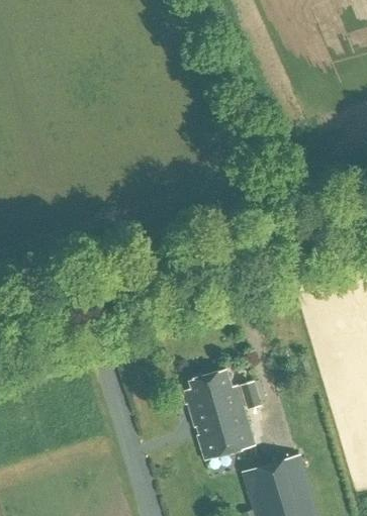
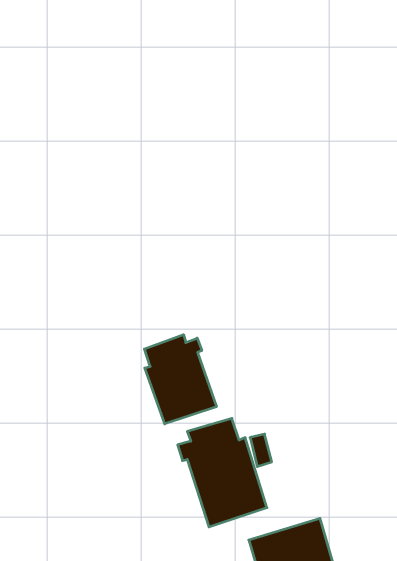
building: none -> [144,335,216,424]

